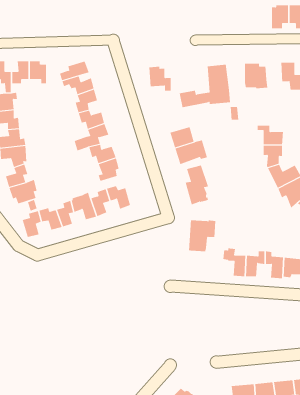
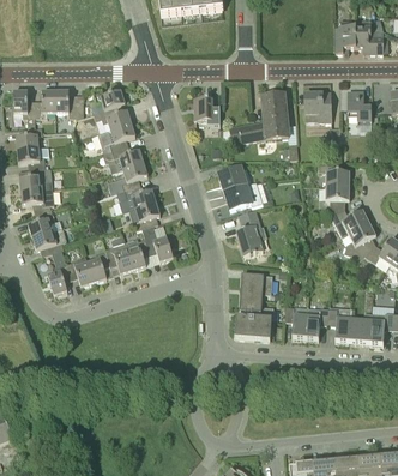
building: none -> [234,305,272,338]

